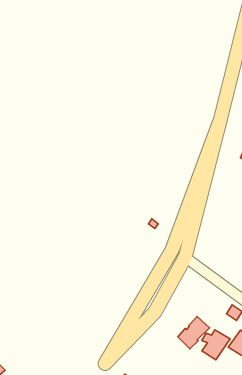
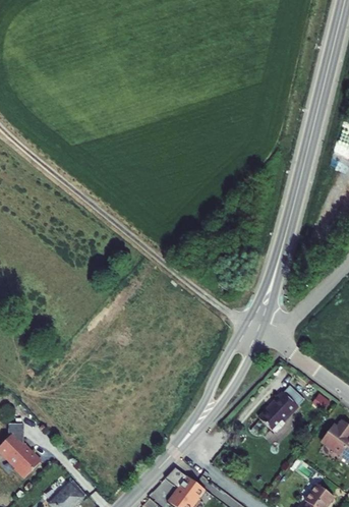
building: [202,330,230,360] -> none

